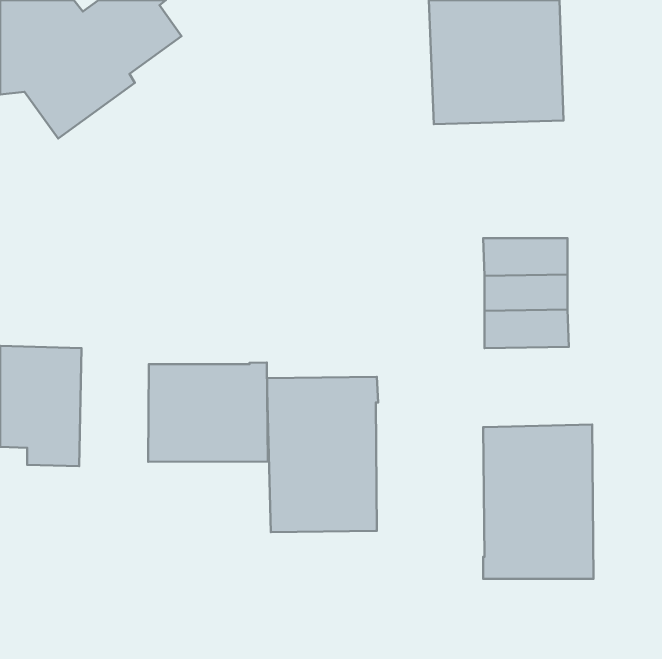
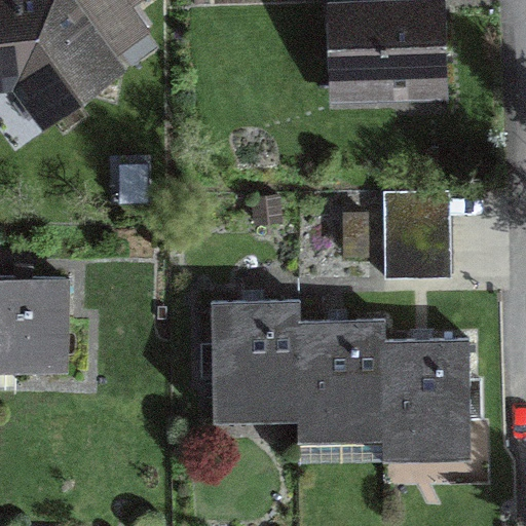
building: [148,363,268,462] -> none
building: none -> [298,320,384,444]

